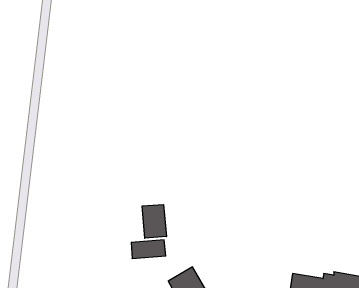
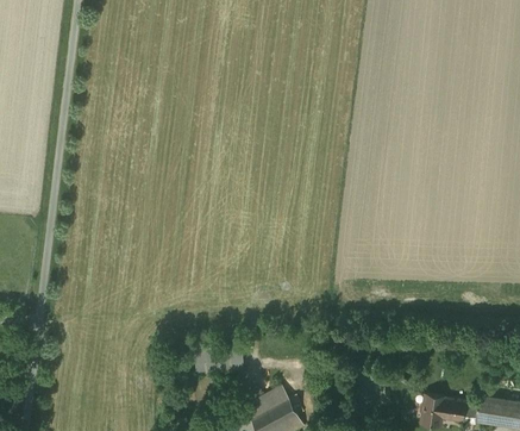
building: [142,205,166,238] -> none

